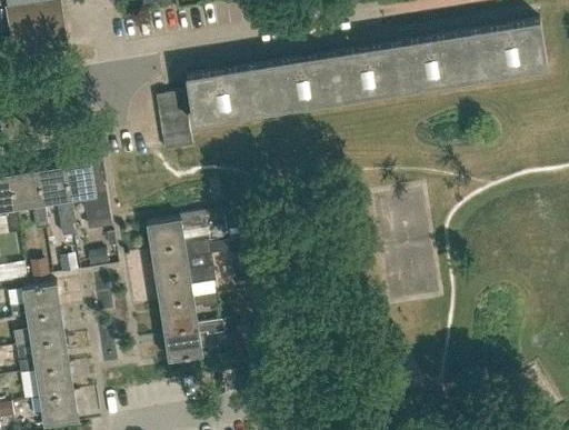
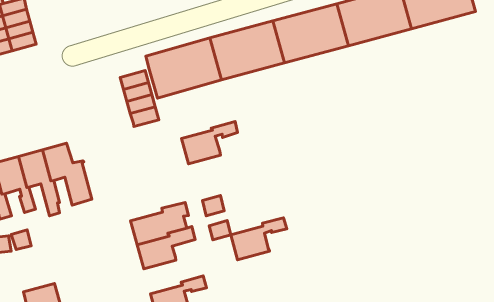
building: [146,216,207,256] -> [182,122,238,164]
building: [11,287,61,322] -> none
building: [159,297,220,337] -> [231,218,287,260]

